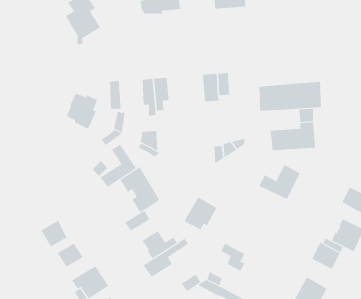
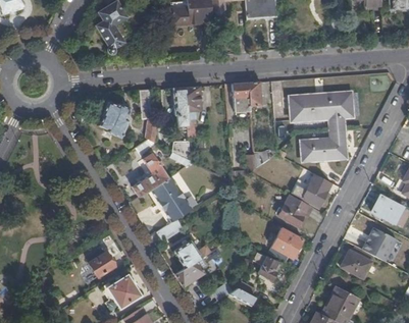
building: none -> [278,196,312,227]
building: [184,197,217,230] -> [268,229,302,263]
building: [40,220,67,247] -> none

